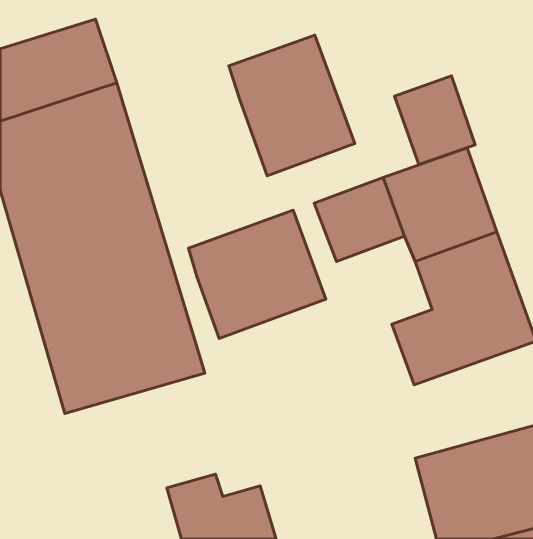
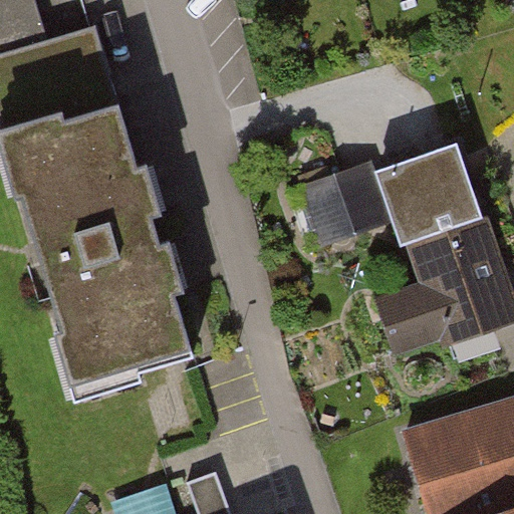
building: [229,35,355,176] -> none
building: [394,76,475,165] -> none
building: [188,210,326,339] -> none

